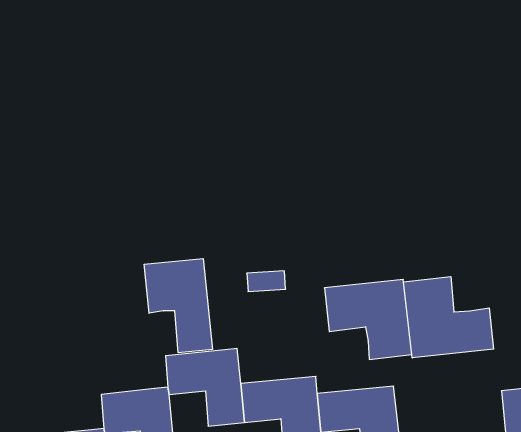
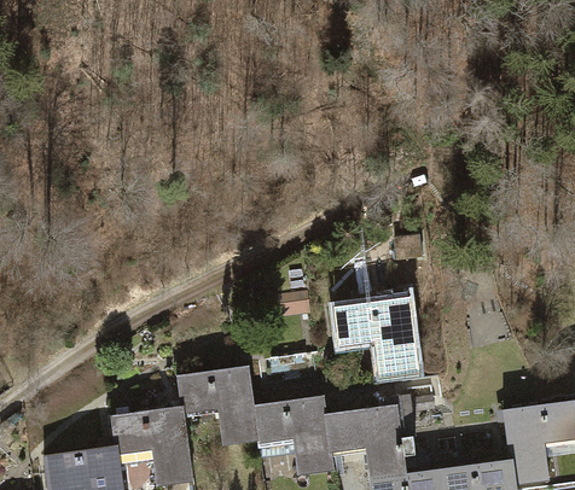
building: [144,259,212,353] -> none
building: [403,277,494,358] -> none

